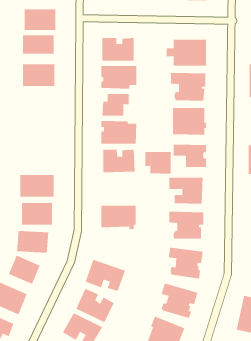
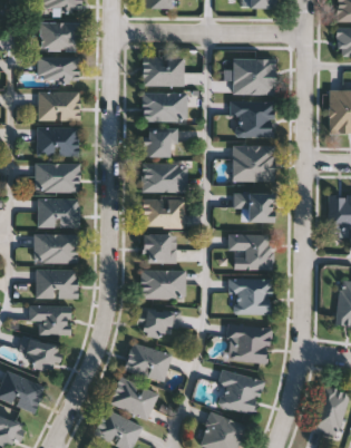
building: none -> [38,127,80,155]
building: none -> [37,162,81,191]
building: none -> [39,197,81,226]
building: [144,152,171,174] -> [140,236,175,265]
building: none -> [135,306,178,341]

